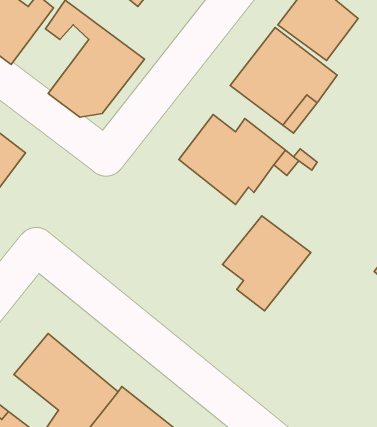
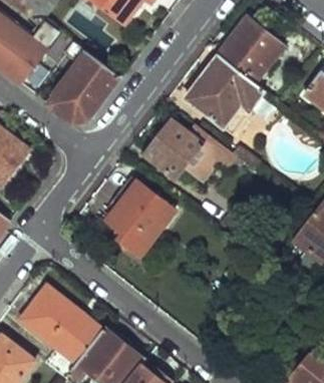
building: [222,216,311,311] -> [107,180,175,253]

